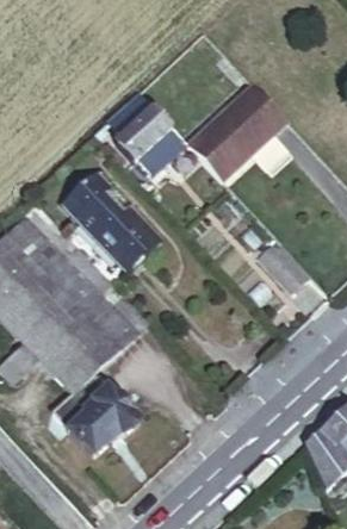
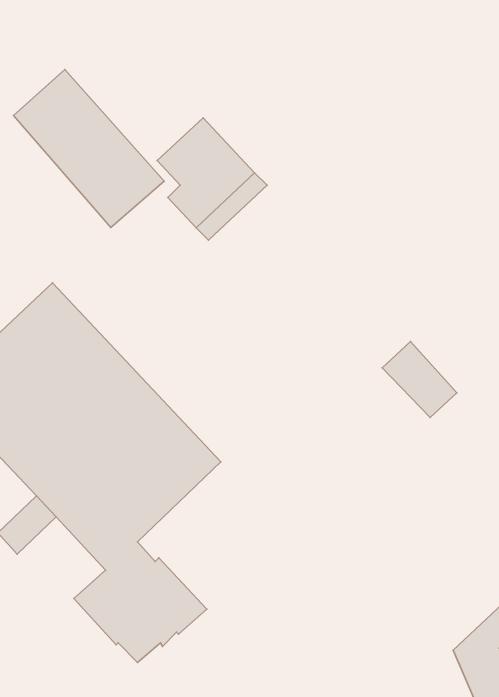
building: [186,82,285,179] -> none
building: [63,169,165,275] -> [13,70,164,227]

